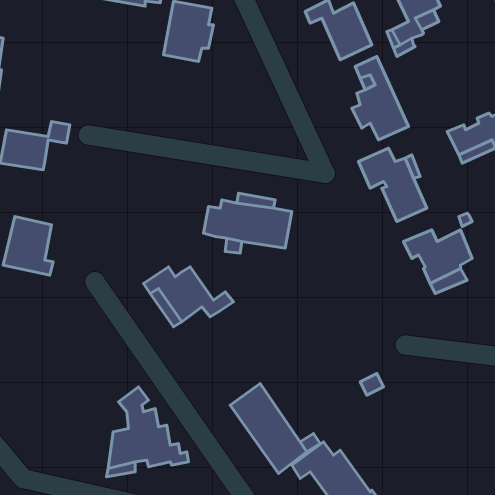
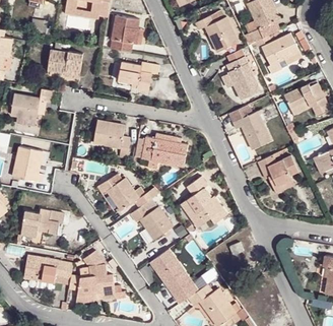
building: none -> [261,35,303,74]
building: none -> [48,50,83,79]
building: none -> [118,62,159,91]
building: none -> [93,121,130,157]
building: none -> [180,177,224,227]
building: none -> [131,205,173,240]
building: none -> [20,210,64,238]
building: none -> [23,256,72,282]

